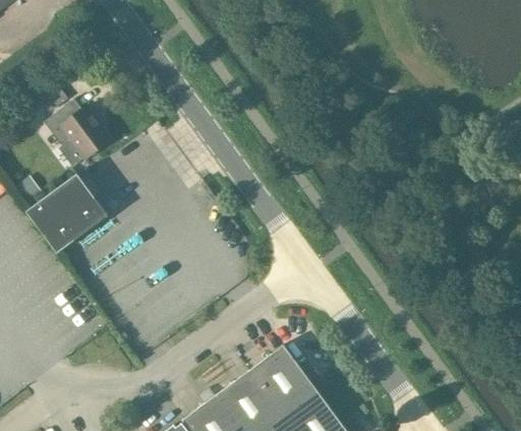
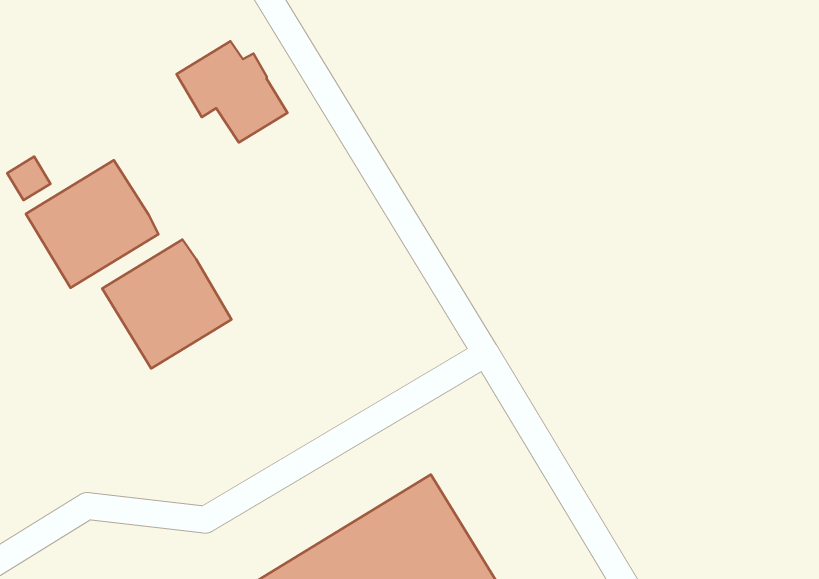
building: [44,99,112,159] -> [177,41,287,143]
building: none -> [102,239,231,368]

